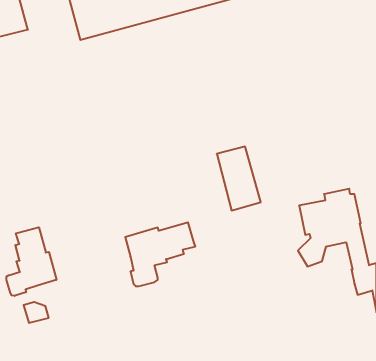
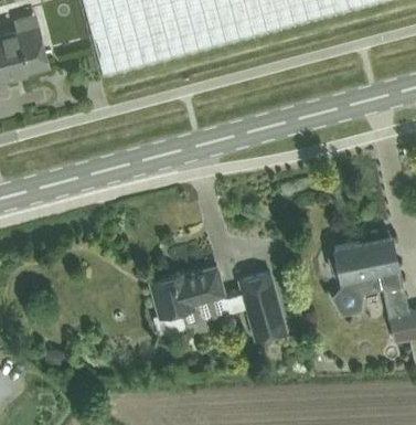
building: [217,147,261,210] -> [239,270,286,338]
building: [6,227,56,296] -> none

